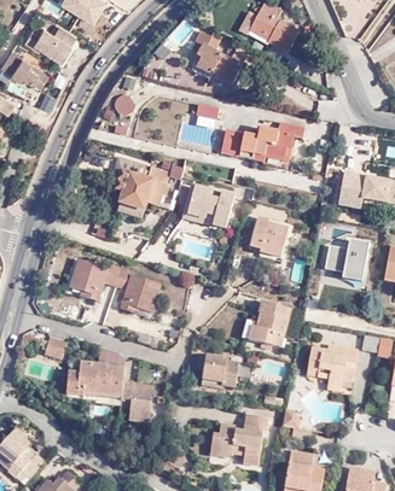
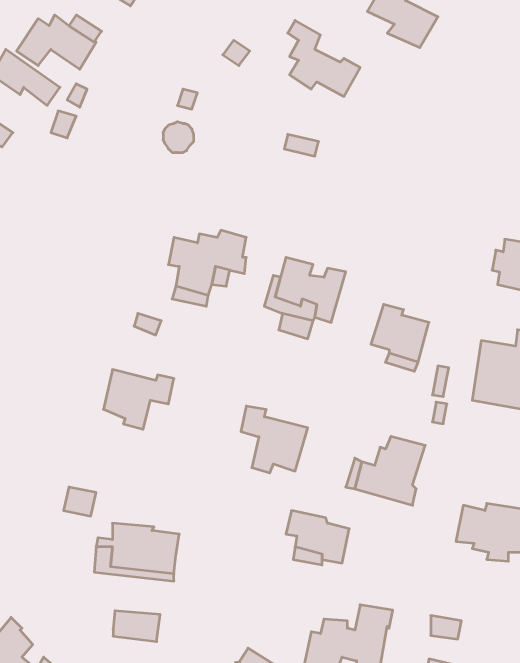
building: [219,123,304,162] -> none
building: [118,268,163,312] -> [241,406,308,473]
building: [122,386,153,407] -> [113,611,160,642]

